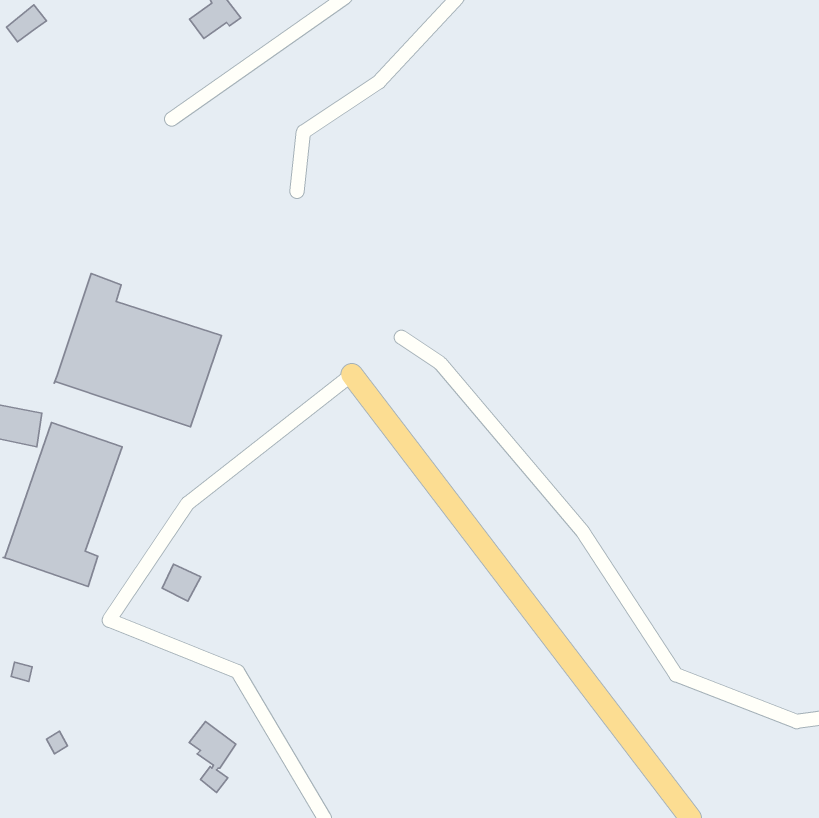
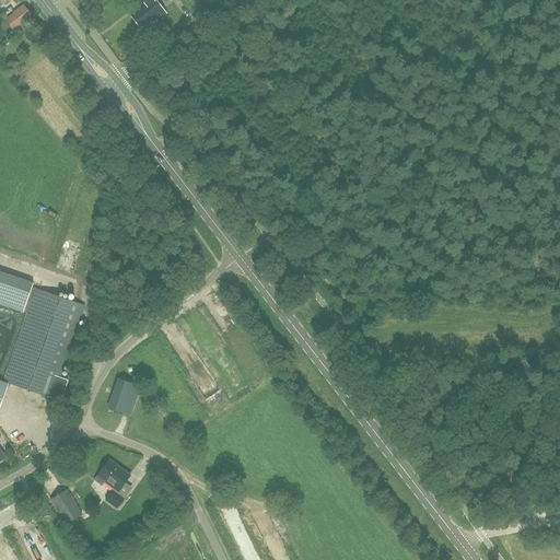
building: [54,274,221,427] -> none
building: none -> [49,488,81,523]
building: [189,722,236,792] -> [97,458,129,506]

